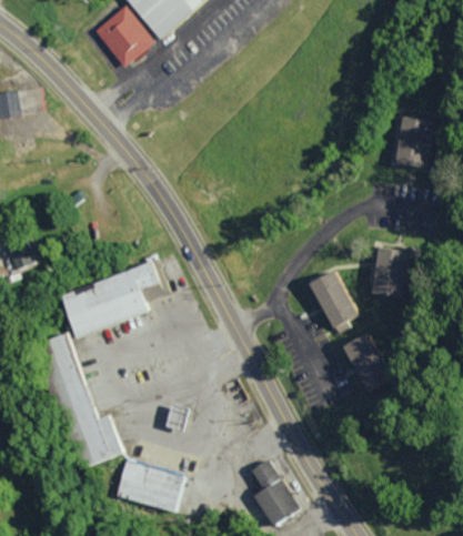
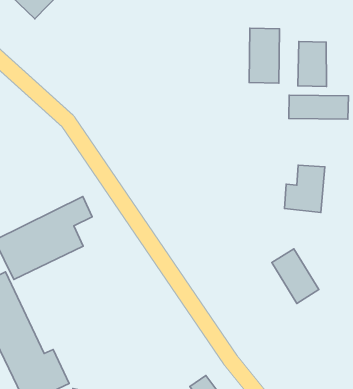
building: none -> [249,28,279,83]
building: none -> [289,95,349,119]
building: [316,271,362,327] -> none

